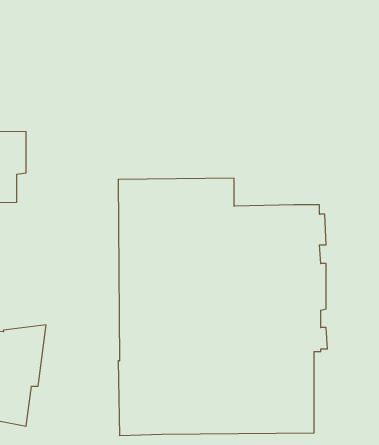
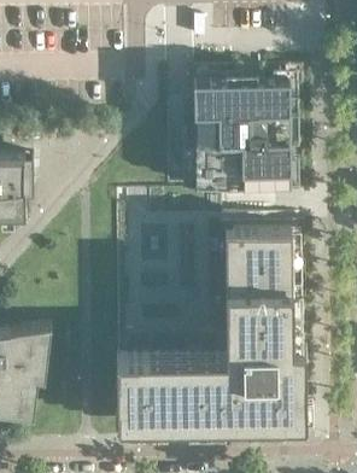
building: none -> [193,84,291,192]

